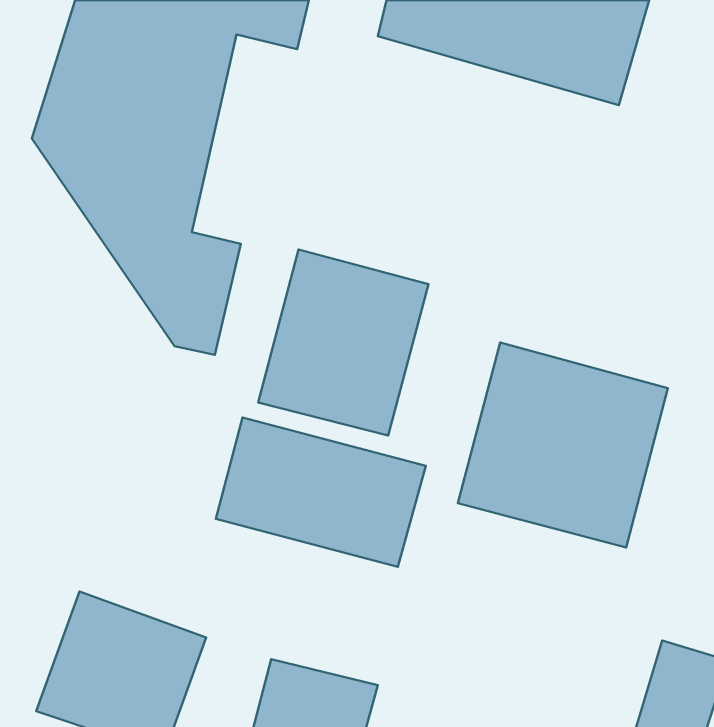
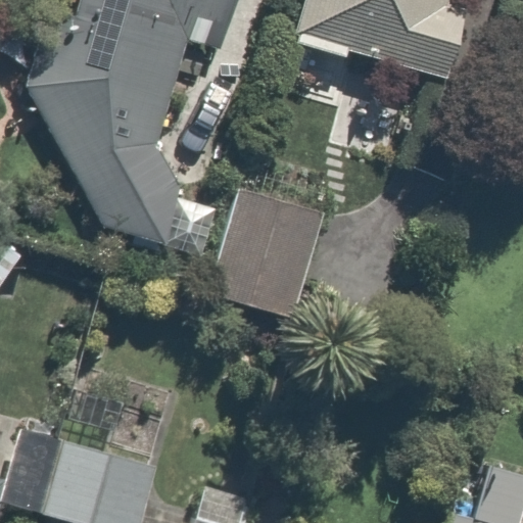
building: [458,343,668,547] -> none
building: [216,417,426,567] -> none

